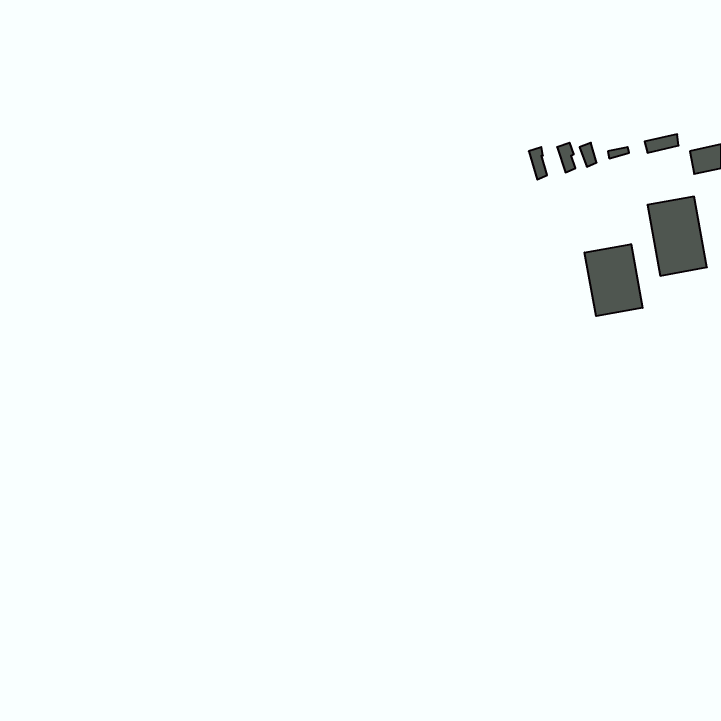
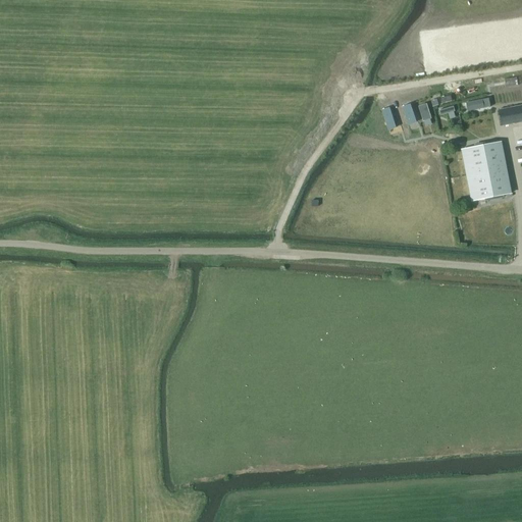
building: [585,244,643,316] -> none

